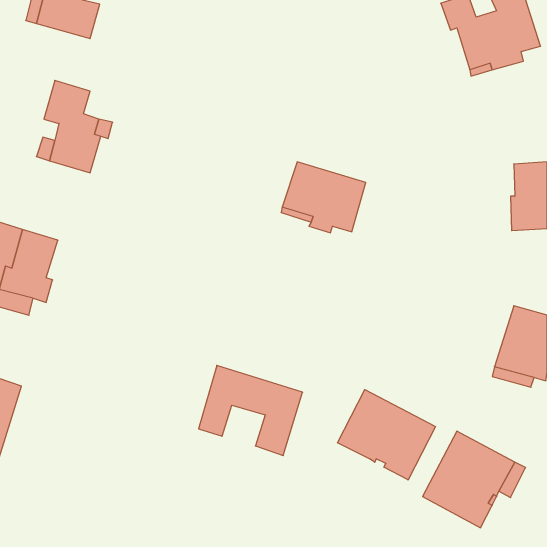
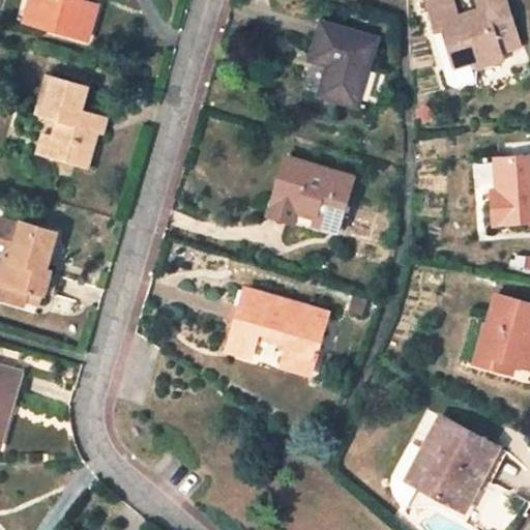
building: none -> [308,21,376,105]
building: [199,365,303,456] -> [228,288,328,375]
building: [338,390,435,480] -> none

